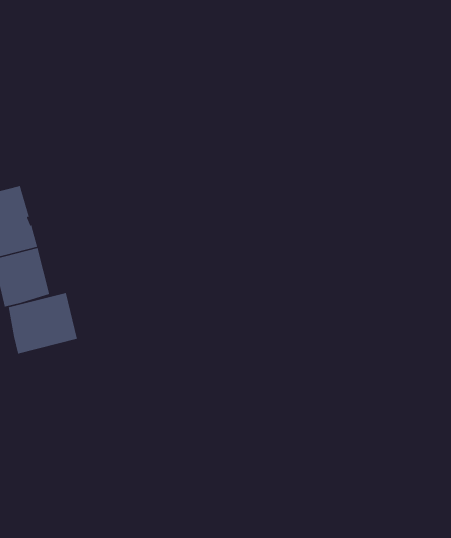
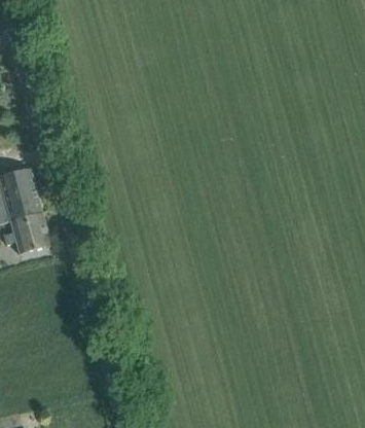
building: [8,292,78,355] -> none

